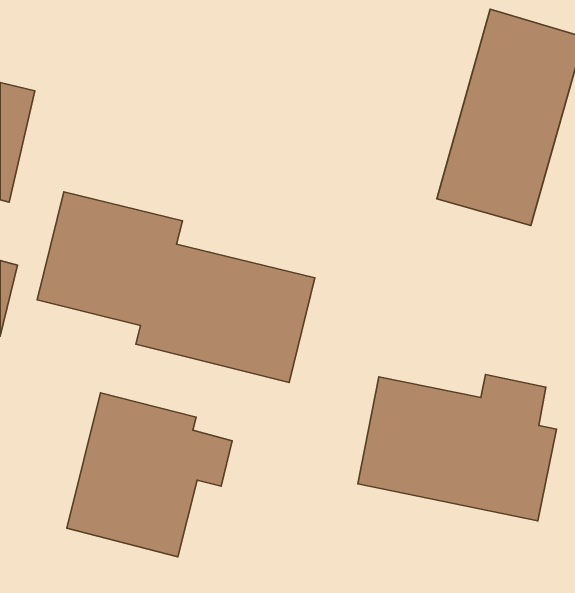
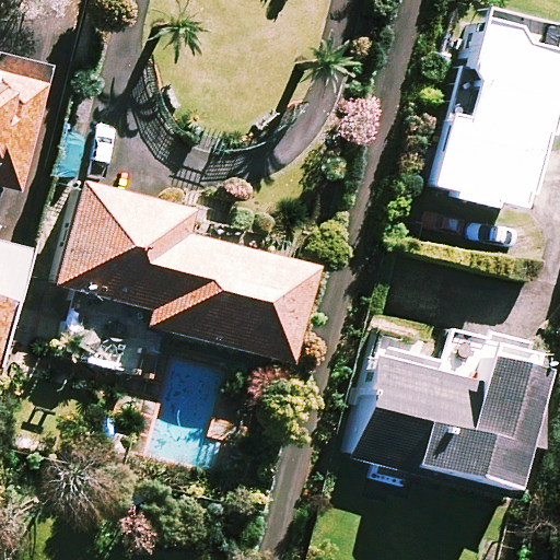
building: [67,393,232,557] -> none

